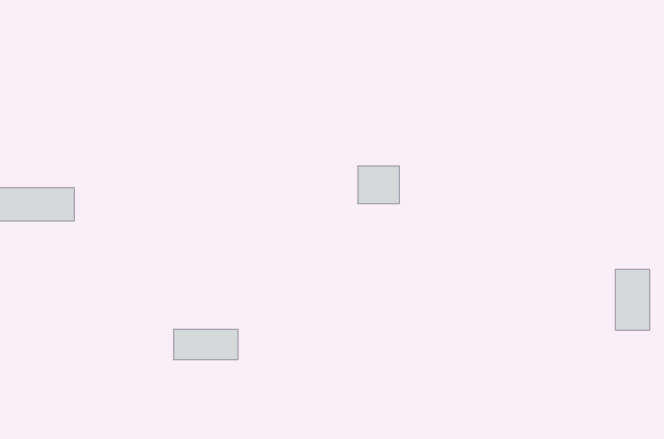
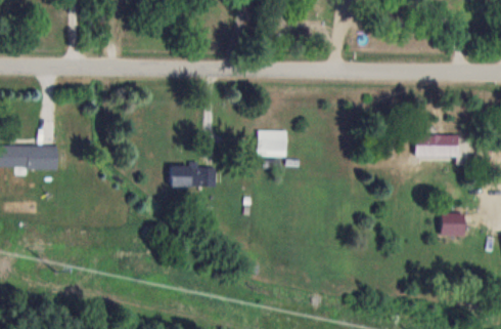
building: none -> [415,135,457,156]
building: [173,329,238,360] -> [171,166,217,188]

